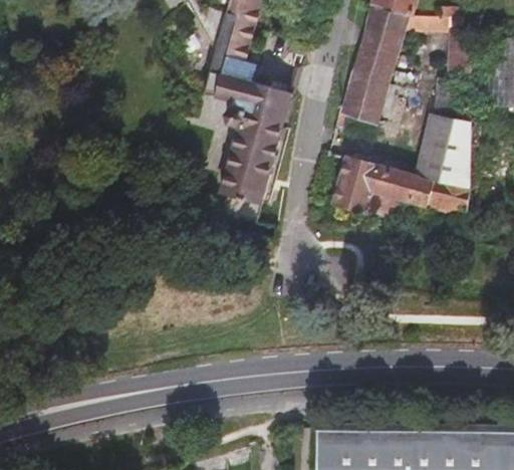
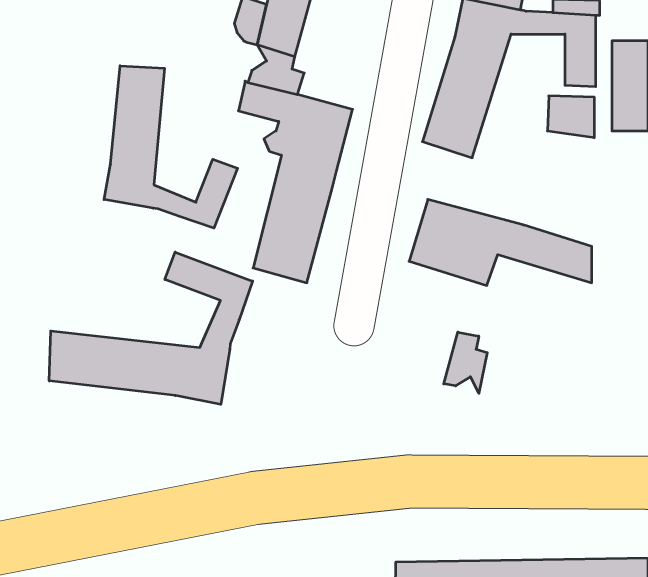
building: none -> [104,66,238,228]
building: [417,115,469,191] -> none
building: none -> [49,252,253,404]
building: none -> [444,332,487,393]

